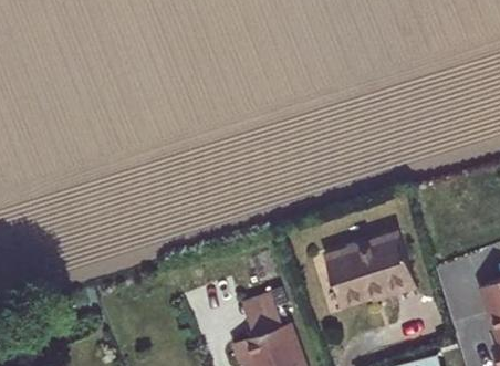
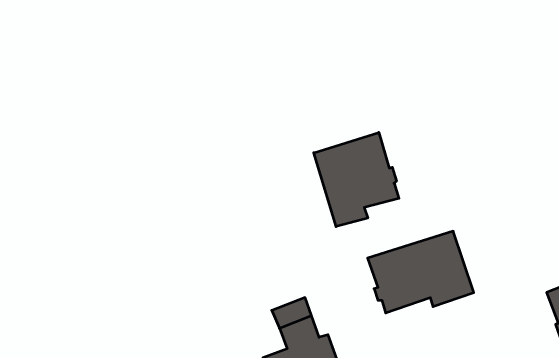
building: none -> [314,132,399,227]

